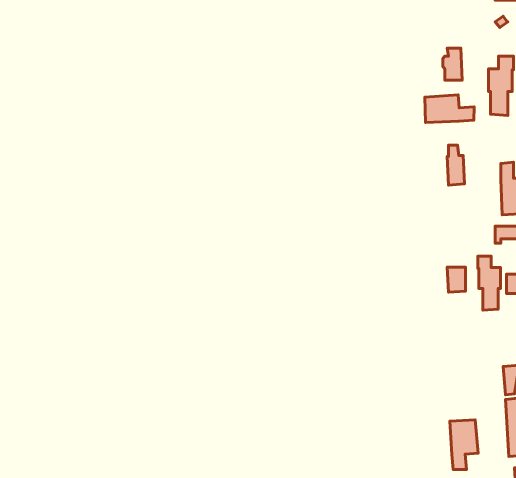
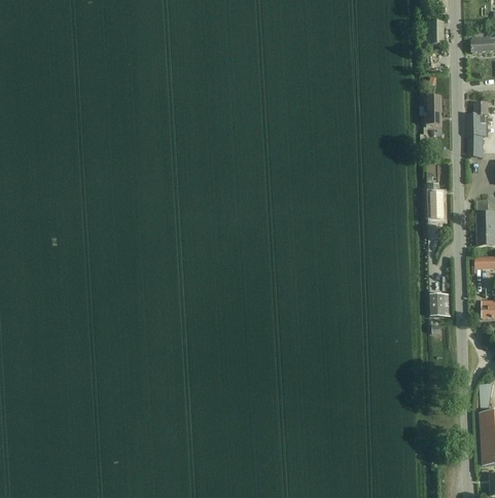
building: [425,95,474,122] -> none
building: [478,256,500,310] -> none
building: [450,420,478,469] -> none

